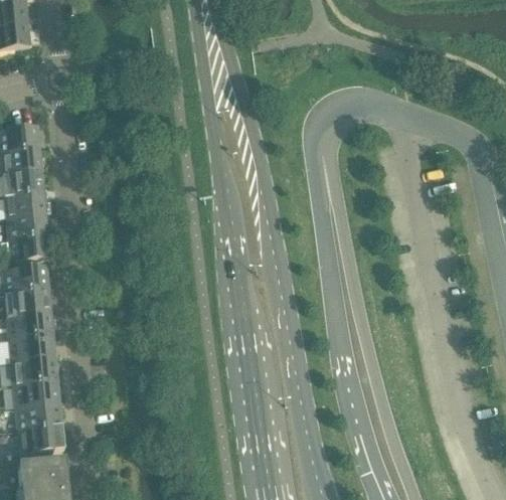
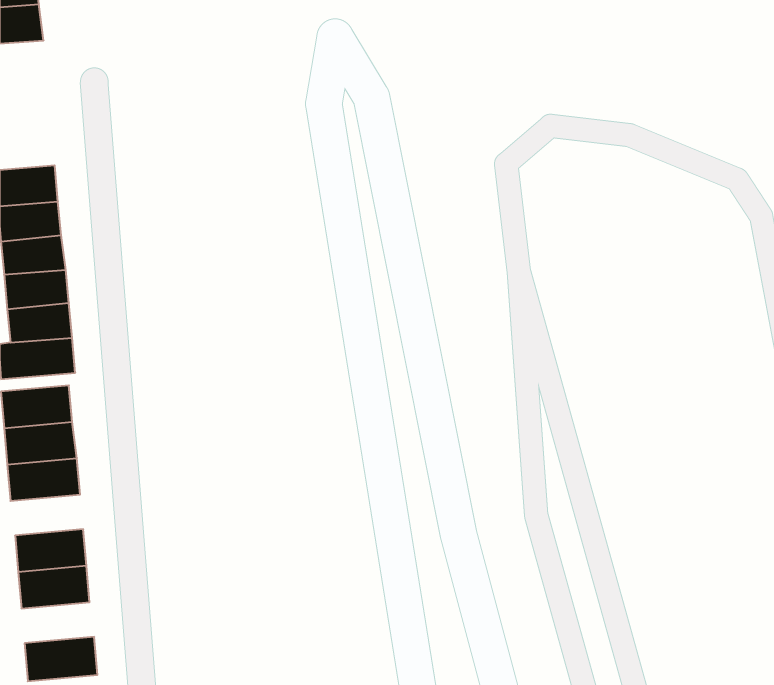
building: [7,332,53,358] -> none
building: [14,400,60,427] -> none

